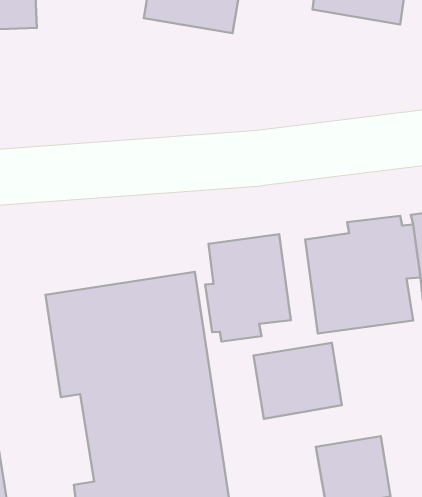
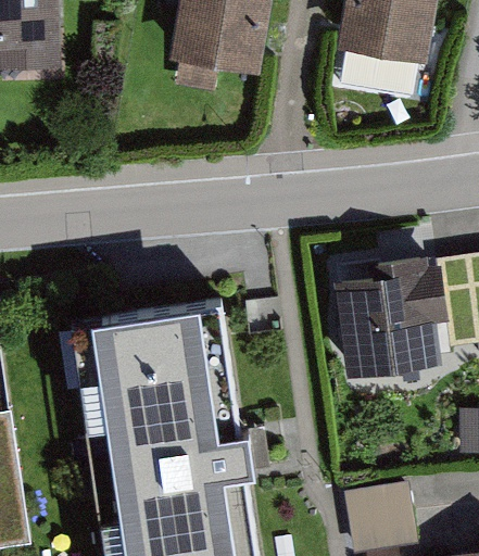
building: [205,234,291,341] -> none
building: [253,343,342,419] -> none

